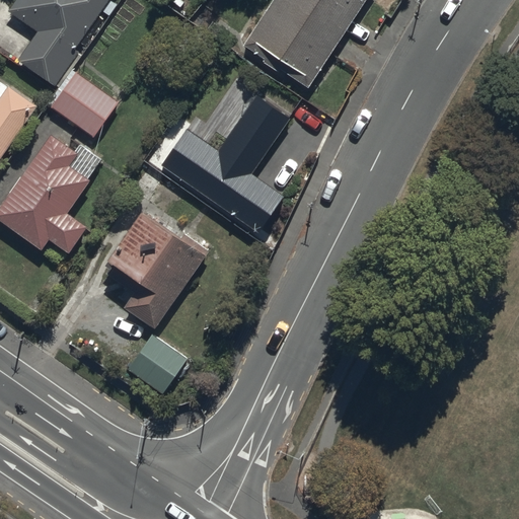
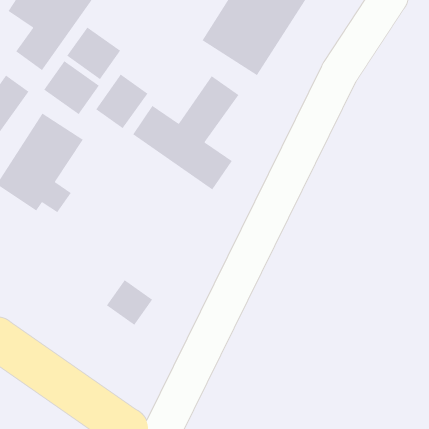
building: none -> [66,26,121,80]
building: none -> [95,74,149,129]
building: [97,207,207,331] -> none

